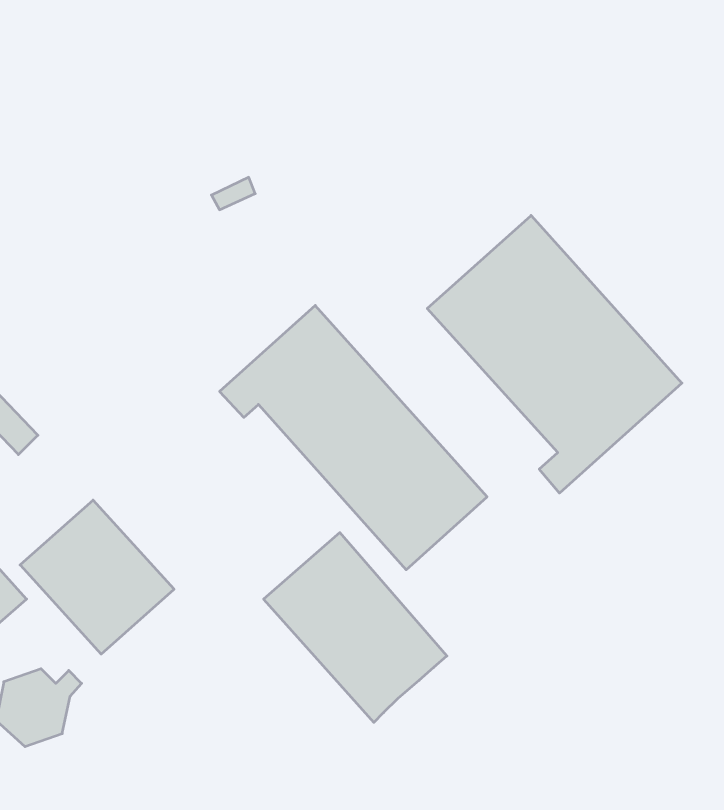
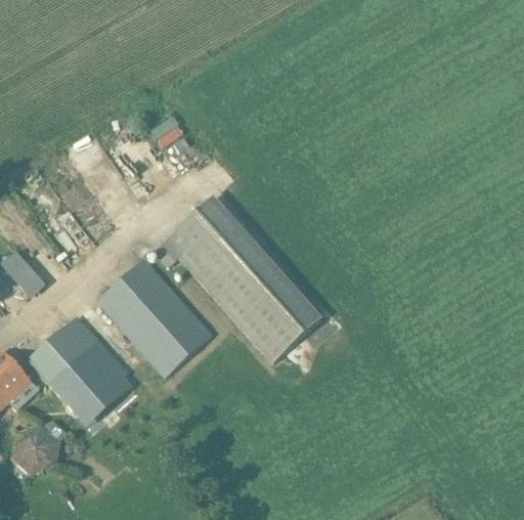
building: [427,215,682,493] -> none
building: [264,533,447,722] -> [97,257,213,377]

